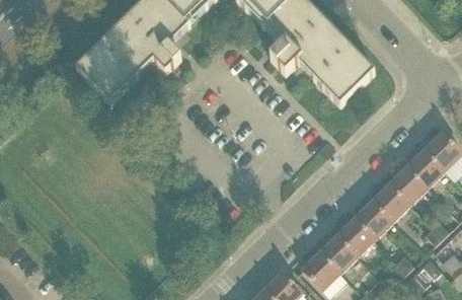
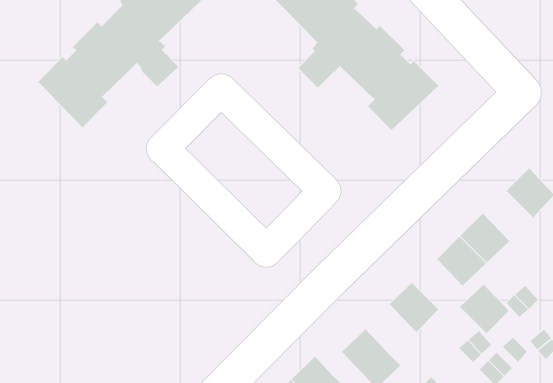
building: [408,149,446,186] -> none
building: [356,200,393,237] -> [459,284,510,334]
building: [321,233,359,272] -> none

